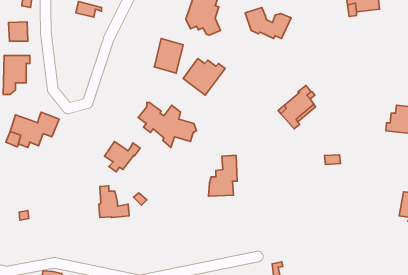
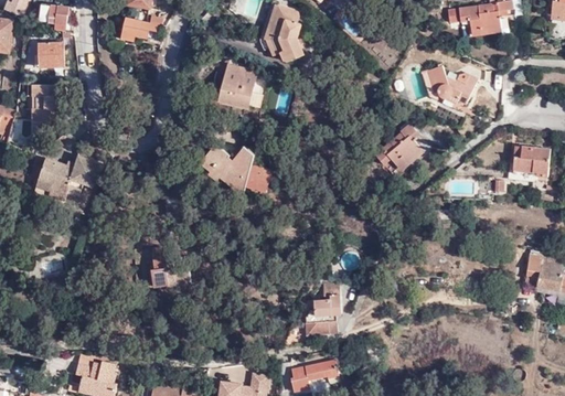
building: [245,7,291,38] -> [420,65,478,104]
building: [183,59,225,95] -> none
building: [105,141,140,172] -> none
building: [209,155,237,196] -> [306,282,341,333]

